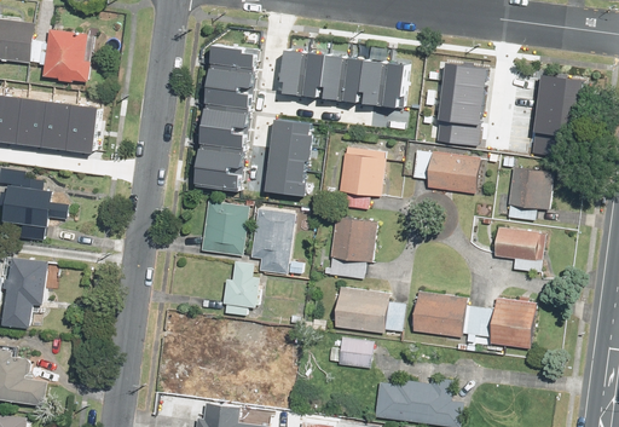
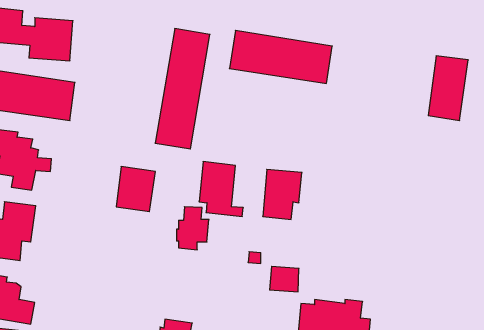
building: [438,62,487,142] -> none
building: [266,115,316,191] -> none
building: [337,144,384,209] -> none
building: [411,151,479,195] -> none
building: [504,168,539,220] -> none
building: [198,200,247,255] -> [116,167,155,212]
building: [490,226,544,272] -> none
building: [331,287,533,351] -> none

